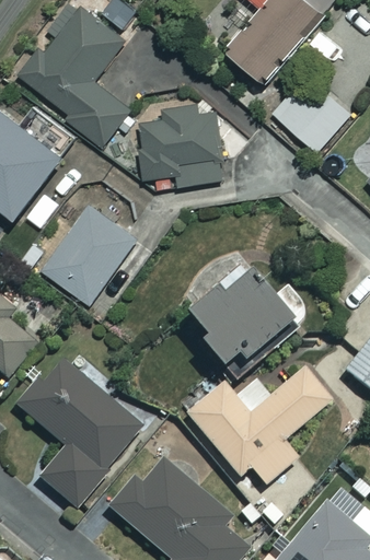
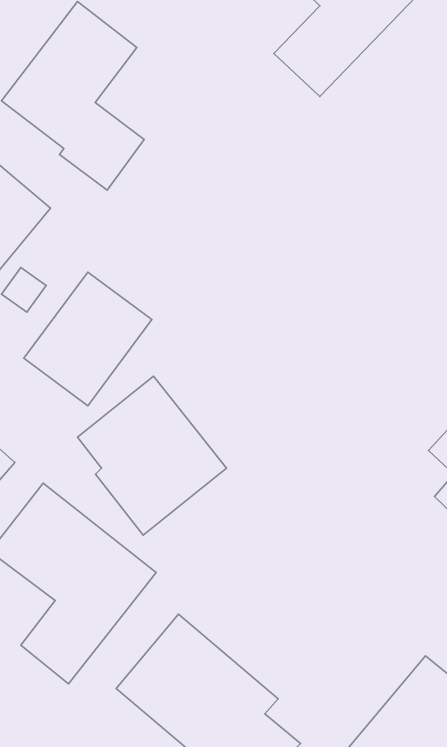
building: [275,91,350,150] -> none
building: [144,101,227,187] -> none
building: [186,264,296,381] -> [78,376,226,535]
building: [187,369,331,483] -> none

